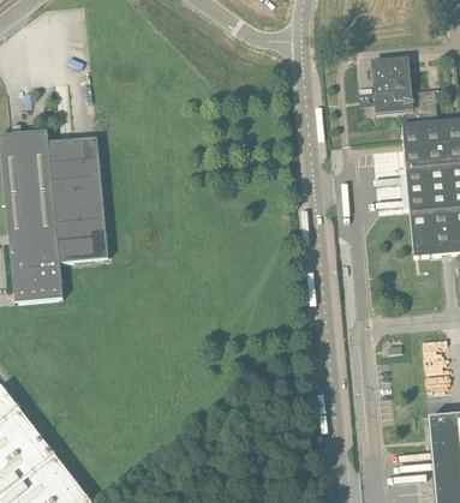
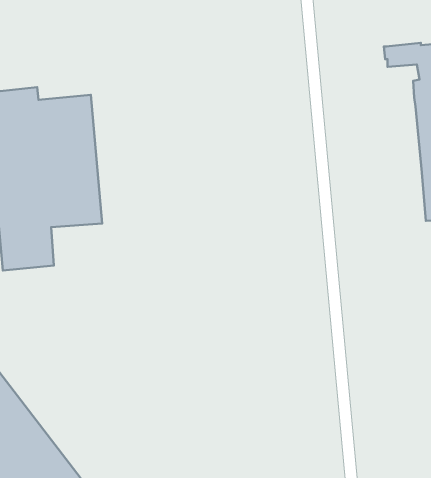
building: [374,58,408,90] -> none

